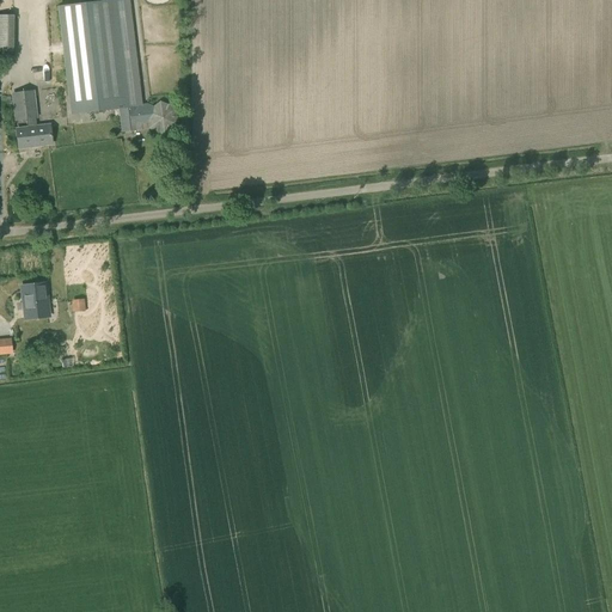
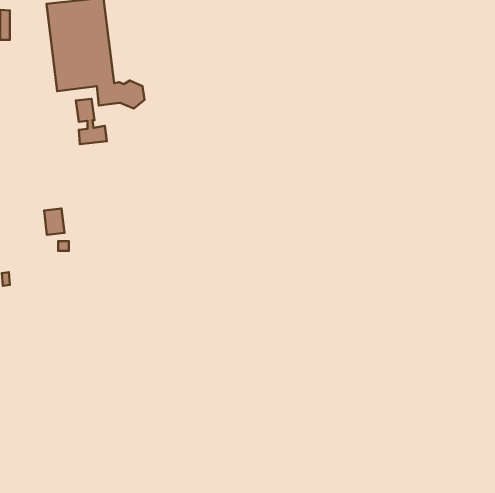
building: [13,90,51,146] -> [76,99,107,144]
building: [23,283,48,316] -> [44,209,64,235]

